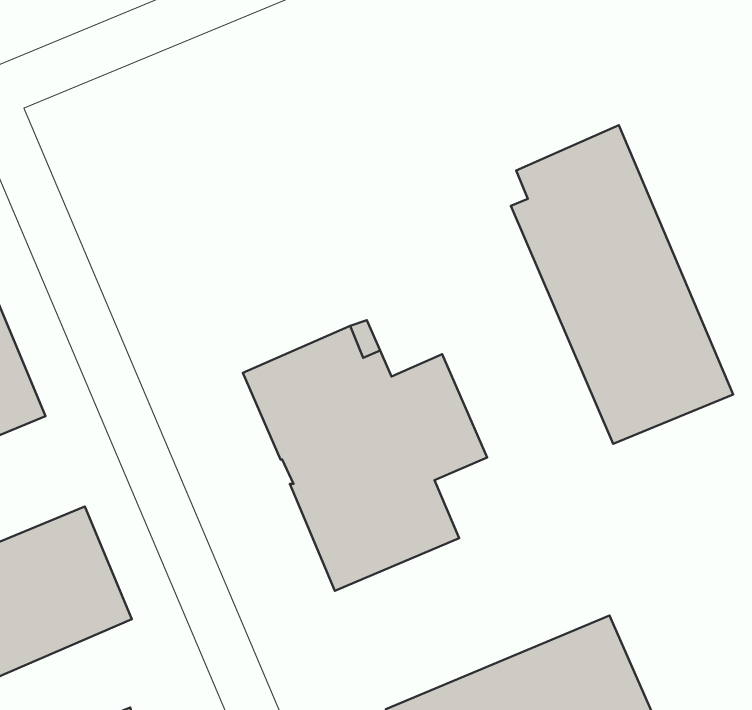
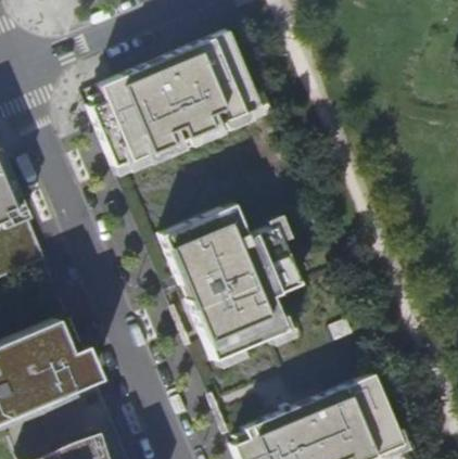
building: none -> [91,33,265,168]
building: [511,125,733,444] -> none

